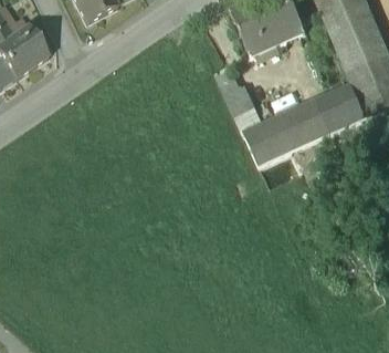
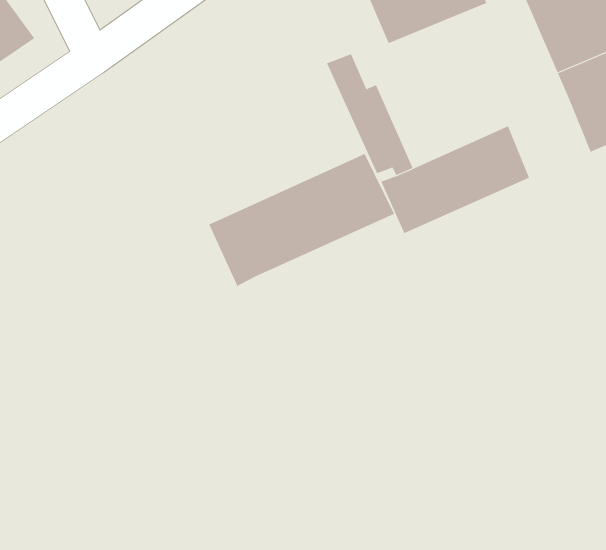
building: [318,89,365,133] -> none
building: none -> [208,153,395,287]

